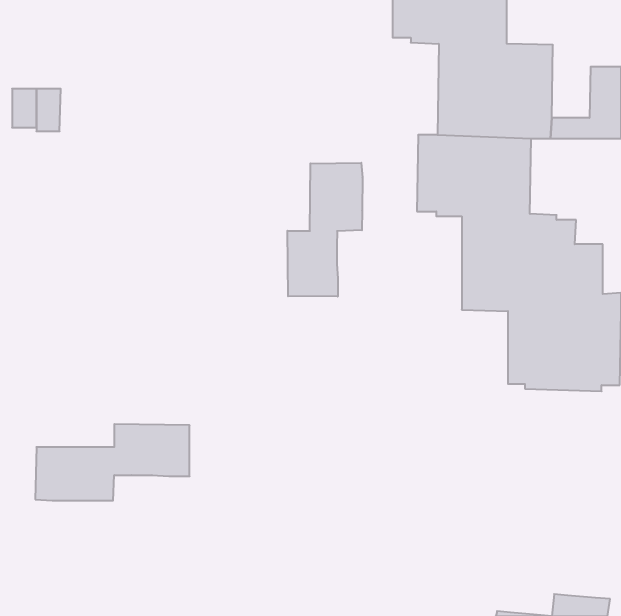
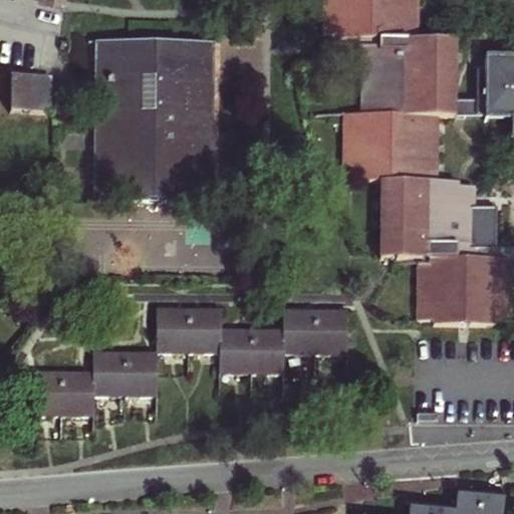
building: none -> [97,39,213,199]
building: [287,163,362,297] -> none
building: none -> [157,307,348,371]

